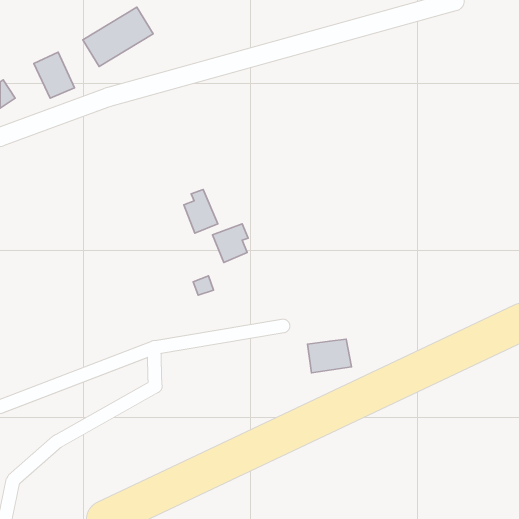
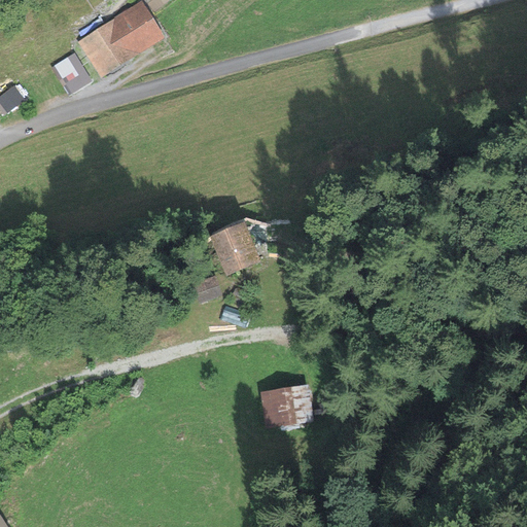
building: [184,189,218,233] -> none
building: [307,339,351,373] -> [268,388,312,422]

